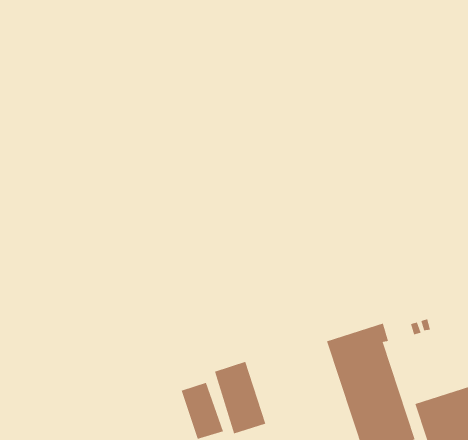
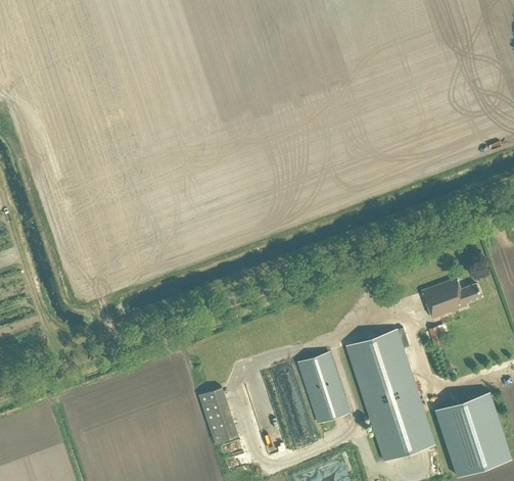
building: none -> [422,279,480,319]
building: [214,361,266,434] -> [298,352,351,425]

